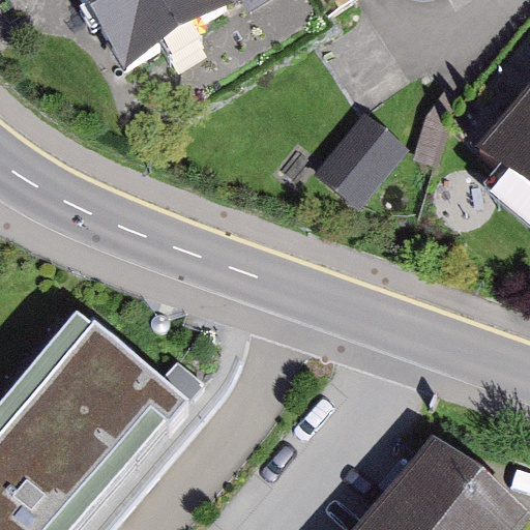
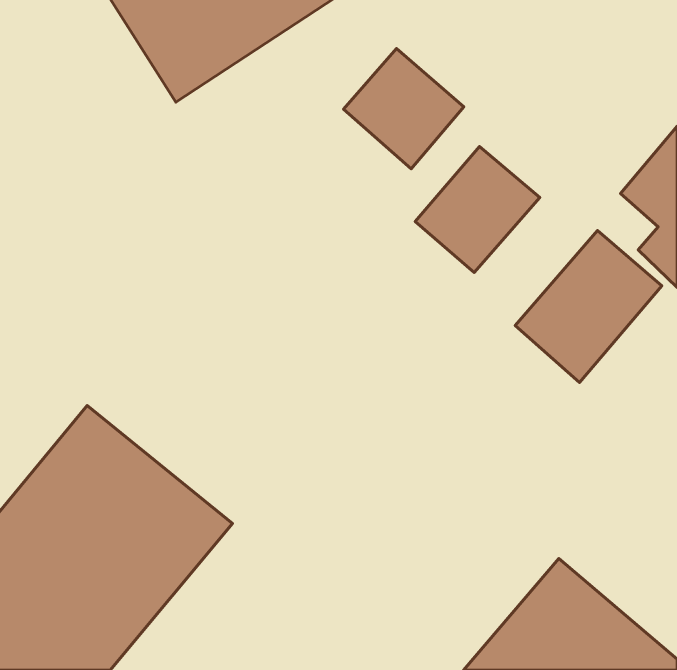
building: none -> [344,49,464,169]
building: none -> [515,230,662,382]

